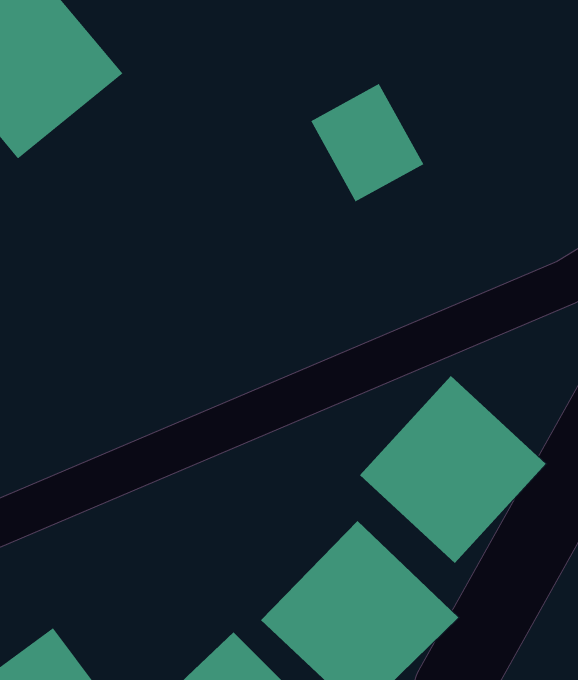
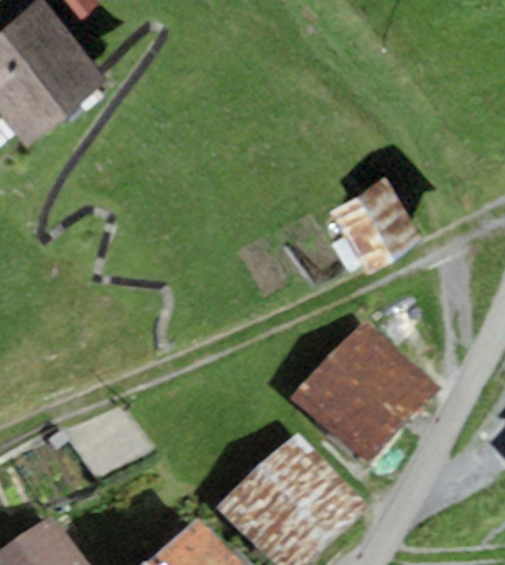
building: [310,83,424,203] -> [331,181,420,275]

